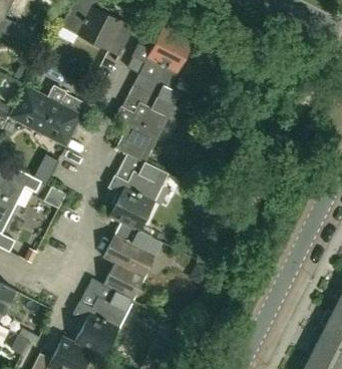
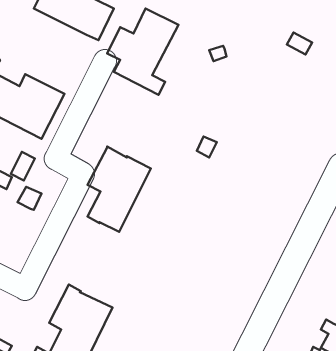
building: [116,84,176,162] -> none
building: [103,222,162,300] -> none

